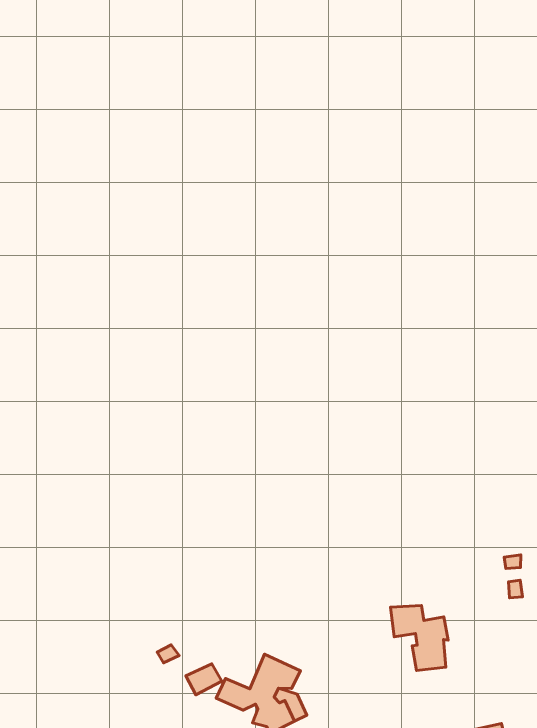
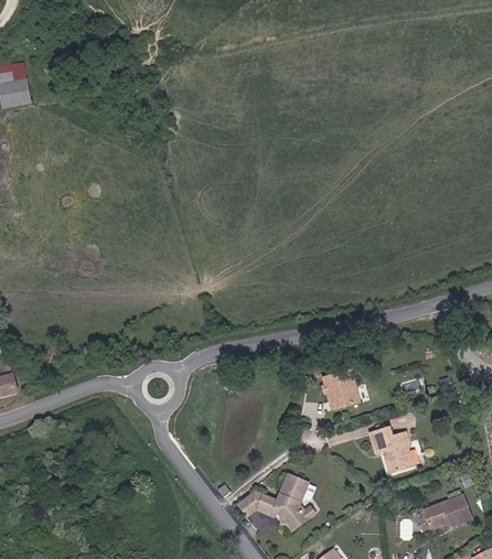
building: none -> [325,374,360,412]

